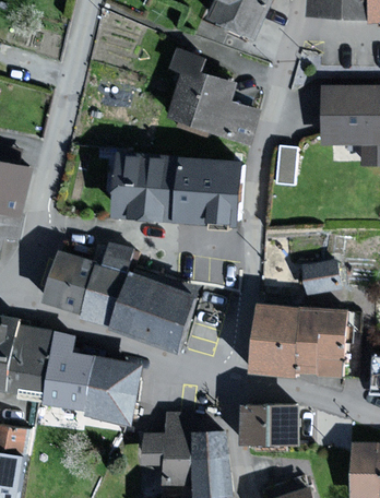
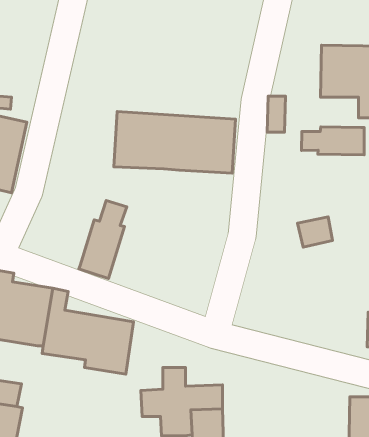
building: [170,49,253,138] -> none
building: none -> [302,127,364,155]
building: [46,253,97,311] -> none
building: [111,272,193,345] -> none
building: [258,304,344,372] -> none
building: [245,407,297,442] -> none

